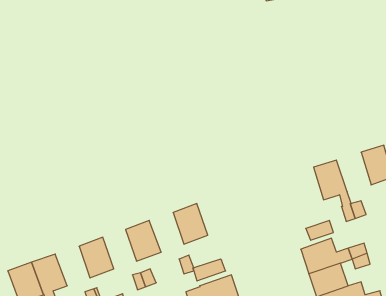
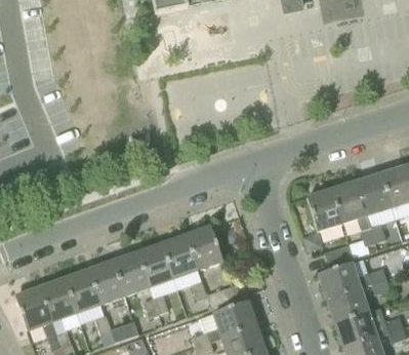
building: none -> [356,173,392,214]
building: none -> [306,189,342,231]
building: none -> [162,236,198,277]
building: none -> [114,253,149,294]
building: none -> [65,271,100,312]

